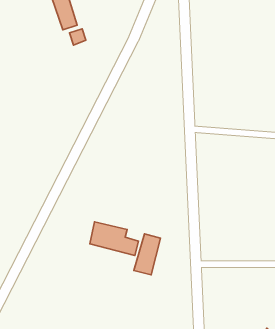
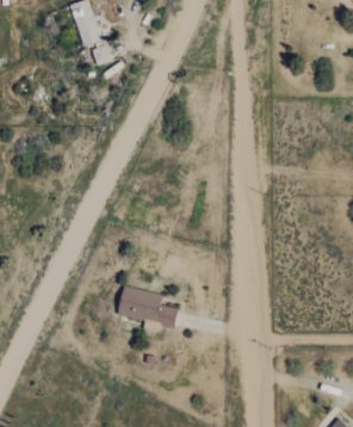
building: [134,234,161,275] -> none

